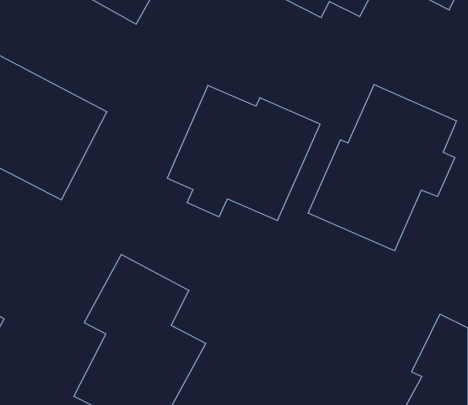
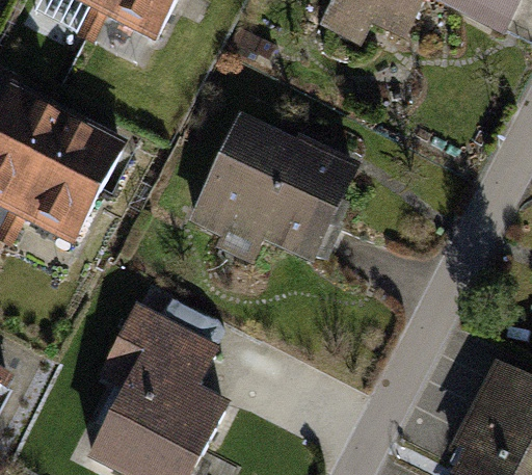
building: [308,85,457,251] -> none

